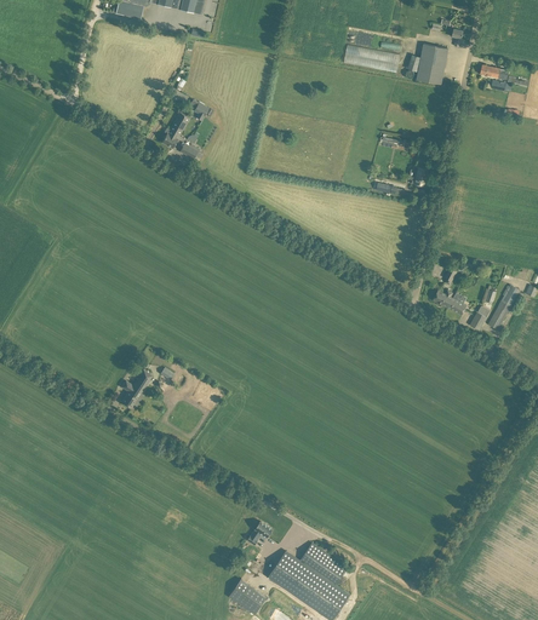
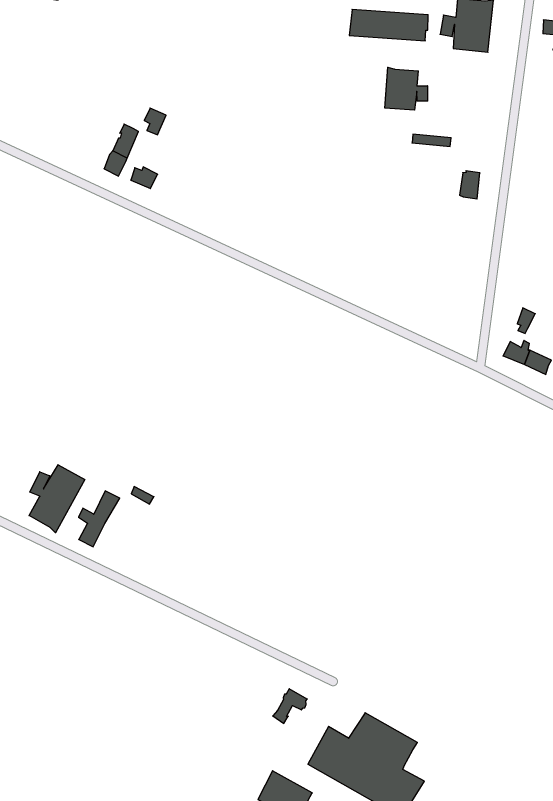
building: none -> [385,67,428,110]
building: none -> [29,465,85,533]

